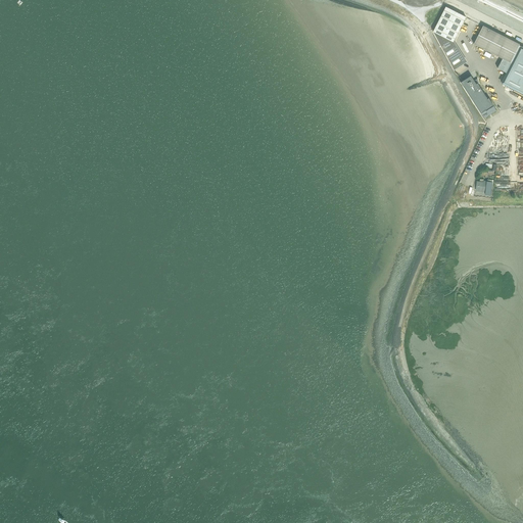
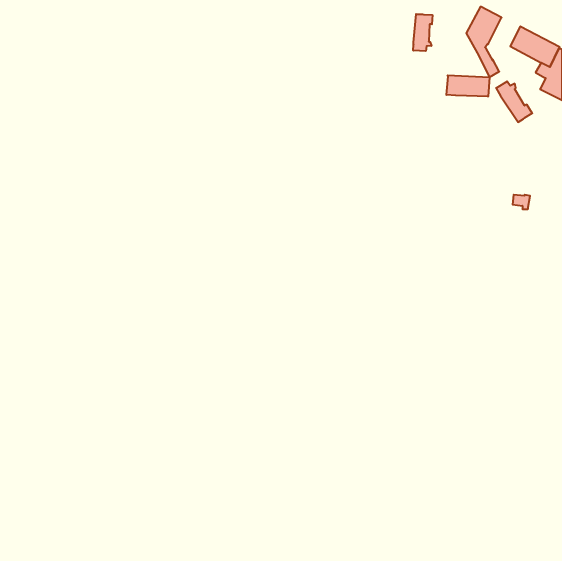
building: none -> [413,14,432,51]
building: none -> [446,75,489,97]

